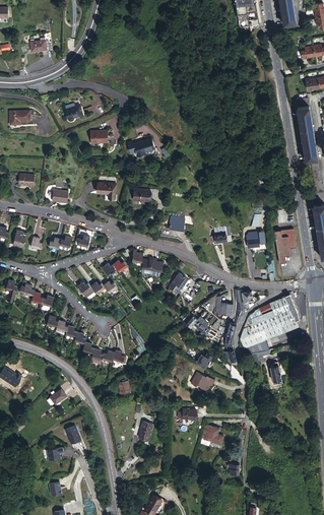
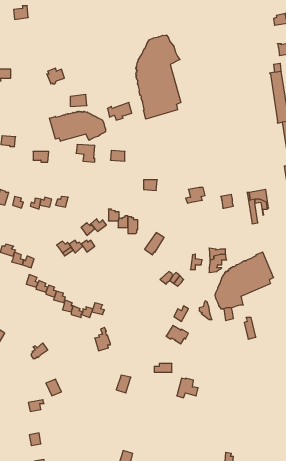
building: none -> [136,35,181,119]
building: none -> [49,111,106,141]

